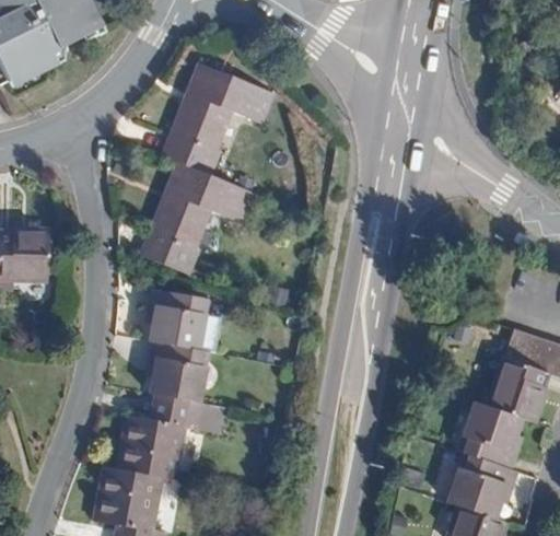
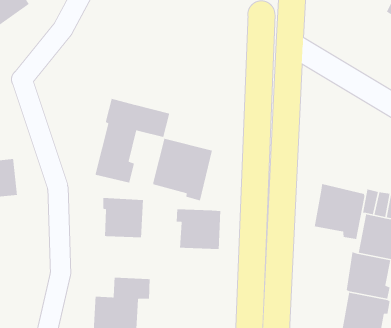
building: [172,65,278,176] -> none
building: none -> [152,138,213,201]
building: none -> [314,183,365,240]
building: [151,341,211,401] -> [176,208,221,250]

